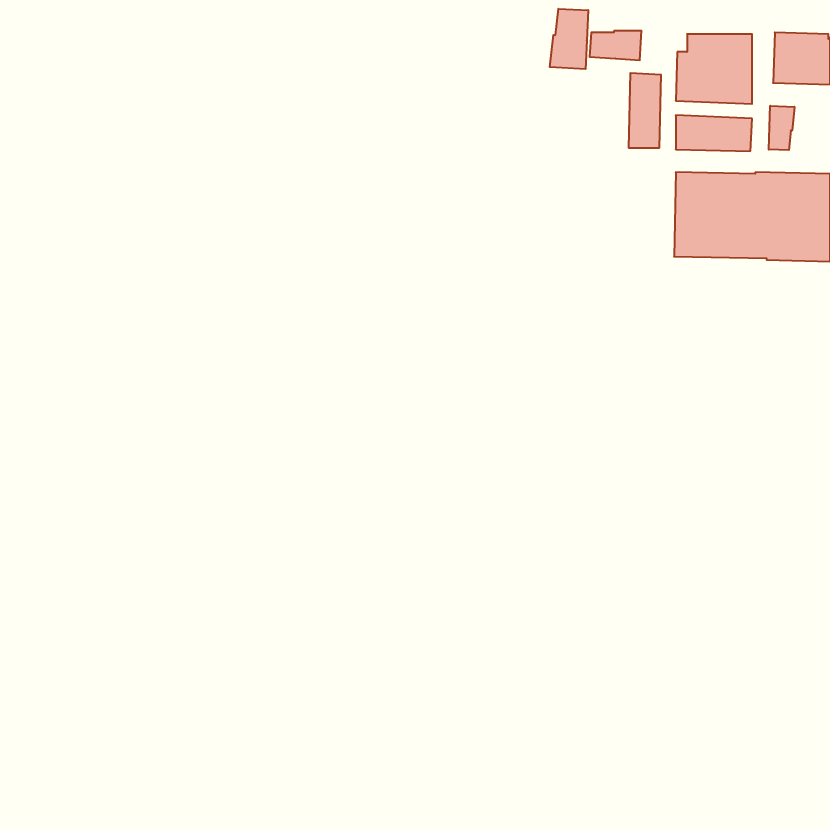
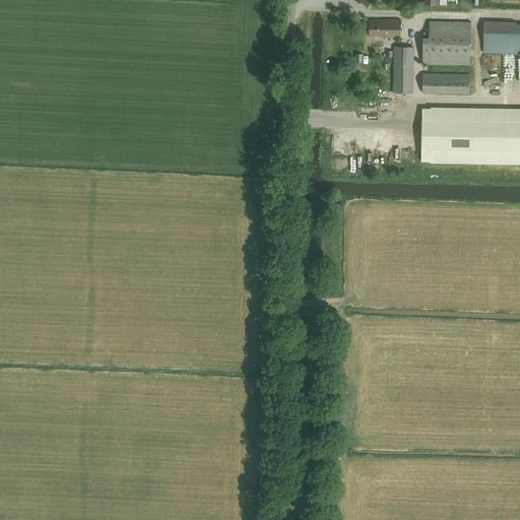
building: [550,9,588,69] -> none
building: [769,106,794,150] -> none

